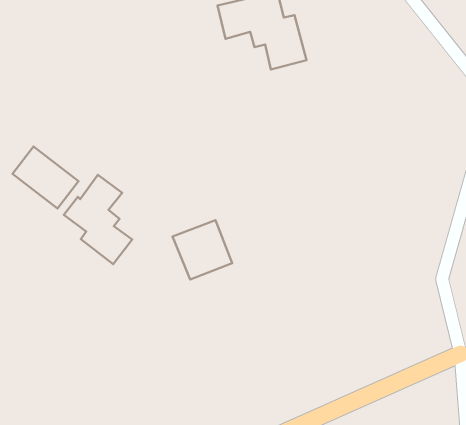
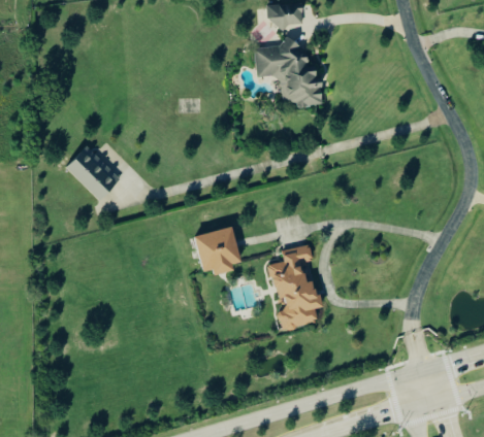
building: [64,175,132,264] -> none
building: none -> [270,245,319,330]

